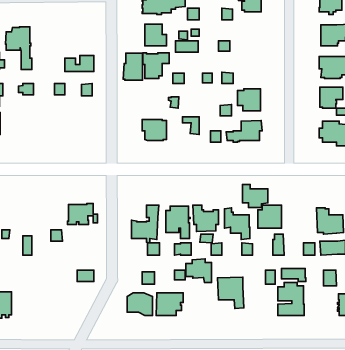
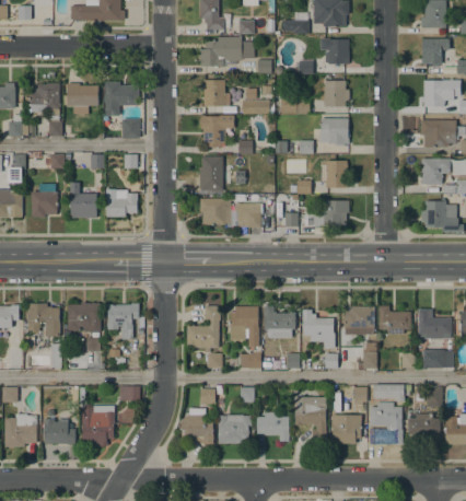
building: none -> [323,81,348,107]
building: none -> [63,83,97,114]
building: none -> [104,83,138,116]
building: [123,53,142,80] -> [198,156,222,190]
building: none -> [318,119,349,147]
building: none -> [31,184,57,218]
building: none -> [70,188,96,218]
building: none -> [105,190,137,218]
building: none -> [233,203,263,228]
building: [242,185,268,207] -> [378,306,410,335]
building: none -> [26,303,59,337]
building: none -> [67,303,100,333]
building: [186,259,211,283] -> [256,412,288,442]
building: none -> [81,405,115,446]
building: none -> [407,413,439,443]
building: none -> [331,416,361,444]
building: none -> [43,419,74,445]

